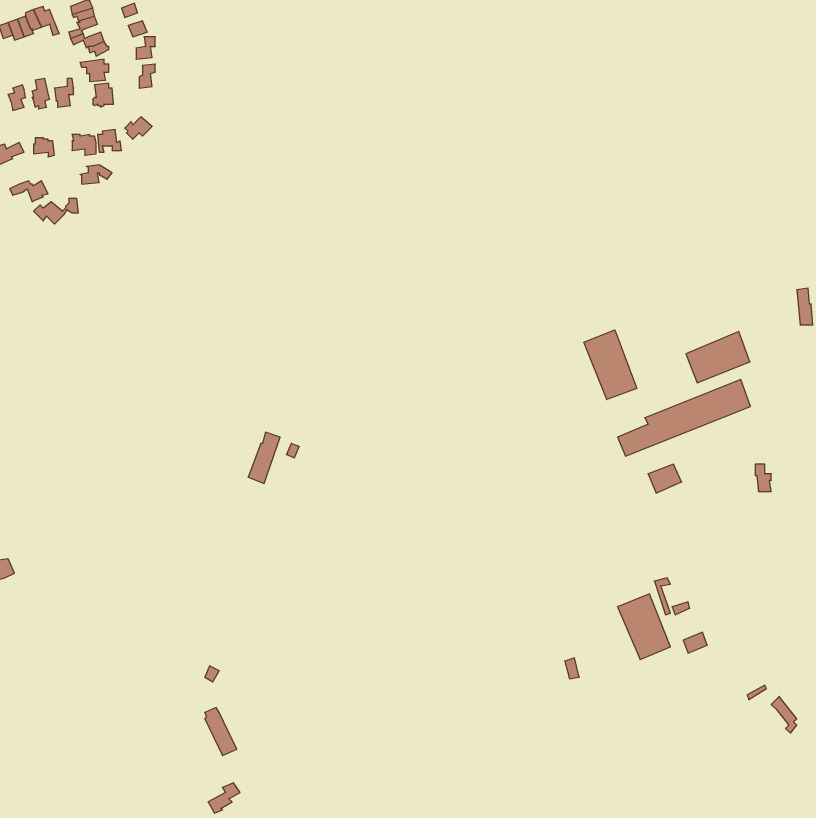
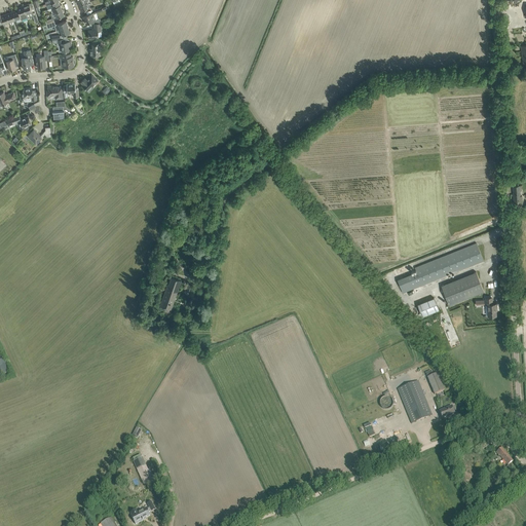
building: [584,330,637,400] -> none
building: [686,332,750,383] -> [441,272,482,305]

